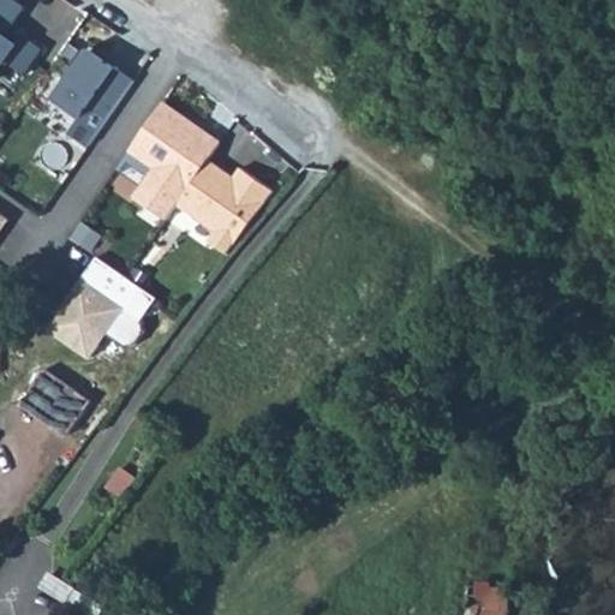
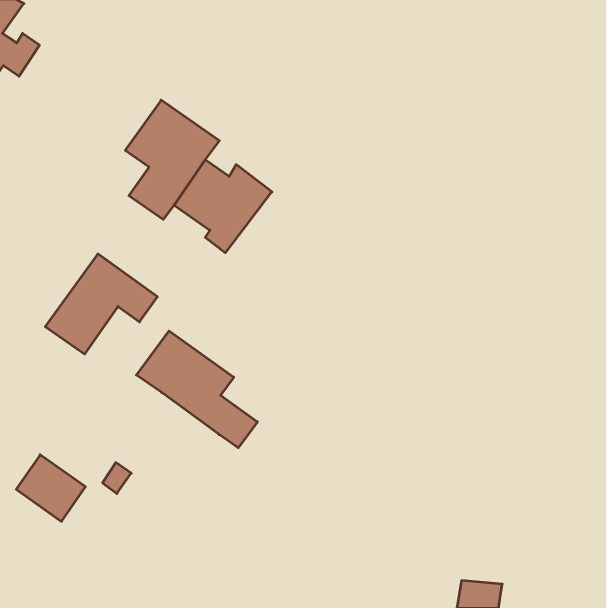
building: [53,48,132,144] -> none
building: none -> [136,331,257,448]
building: [16,368,85,435] -> [16,455,85,521]

